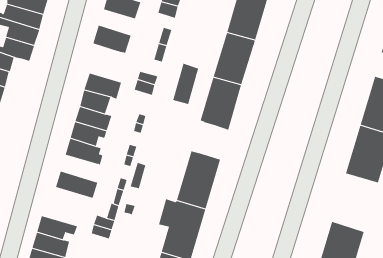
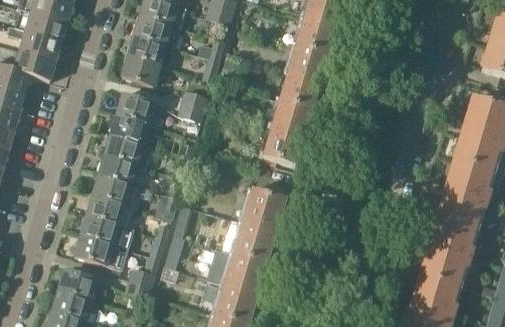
building: none -> [133,15,179,47]
building: none -> [121,57,158,85]
building: [172,63,199,105] -> none
building: none -> [86,194,133,226]
building: none -> [420,217,478,289]
building: none -> [73,234,127,269]

